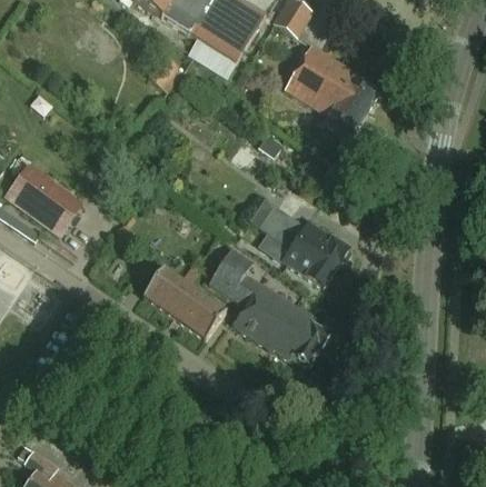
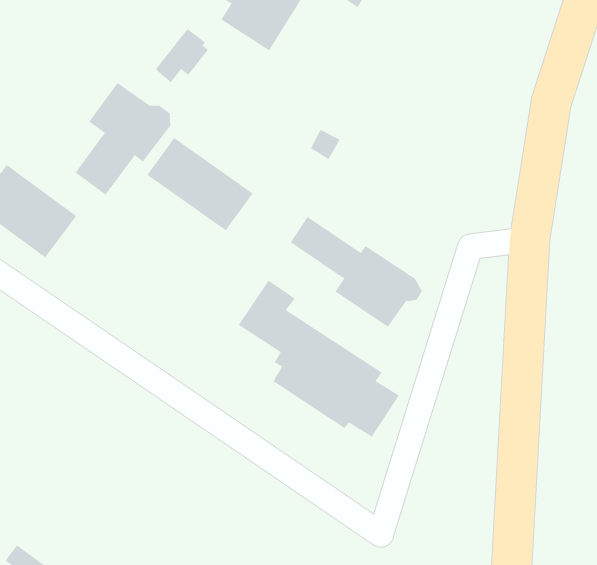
building: [284,43,377,137] -> none
building: none -> [75,82,171,196]
building: [141,267,224,339] -> [147,137,254,231]

